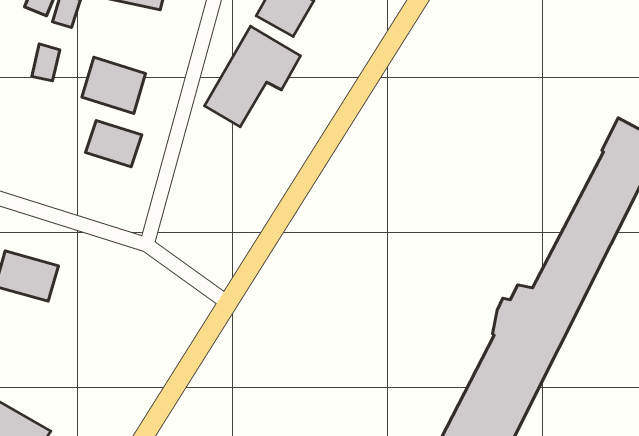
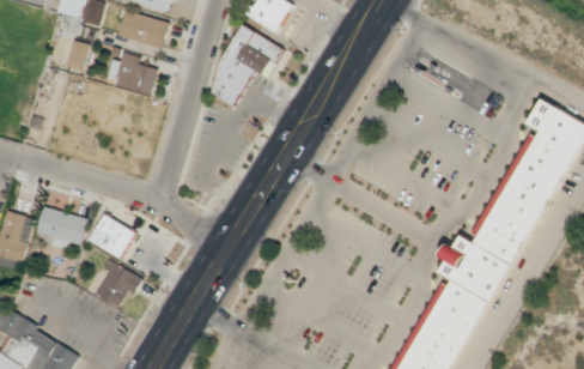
building: none -> [118,11,169,47]
building: [86,121,142,167] -> none
building: none -> [91,214,136,258]
building: none -> [97,262,142,306]

